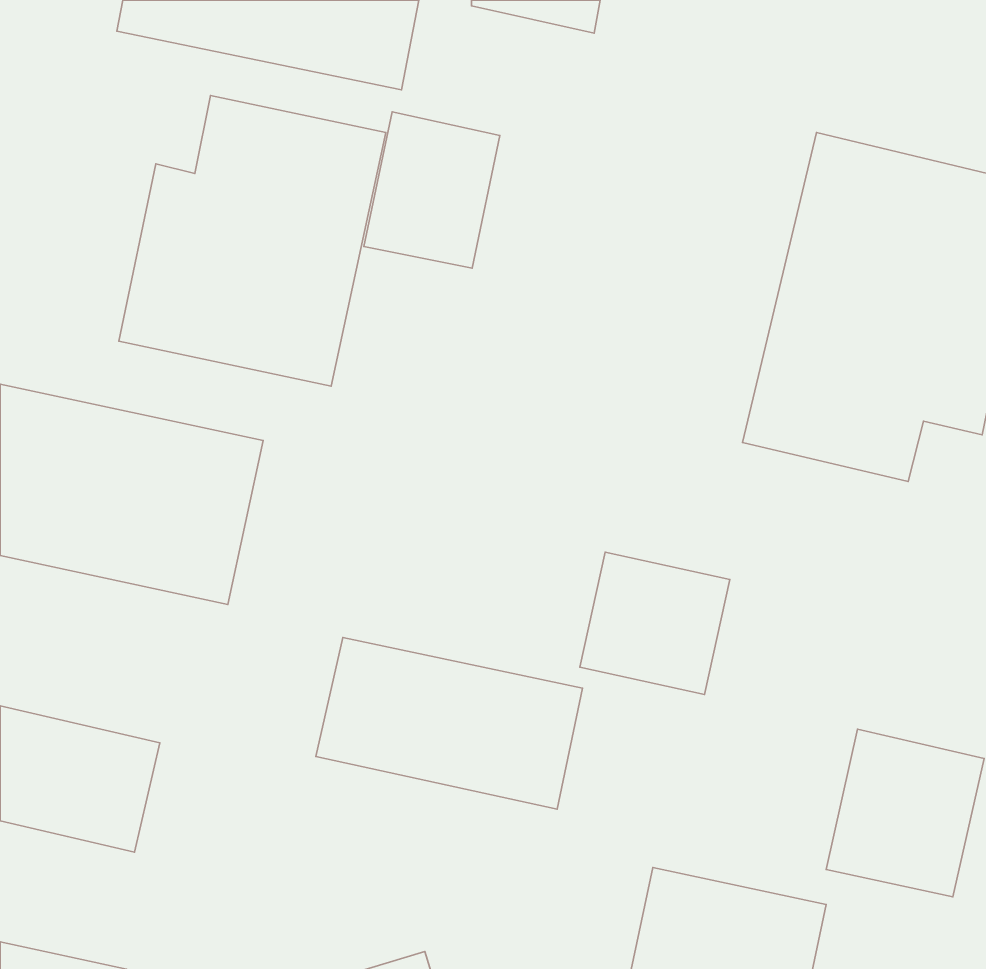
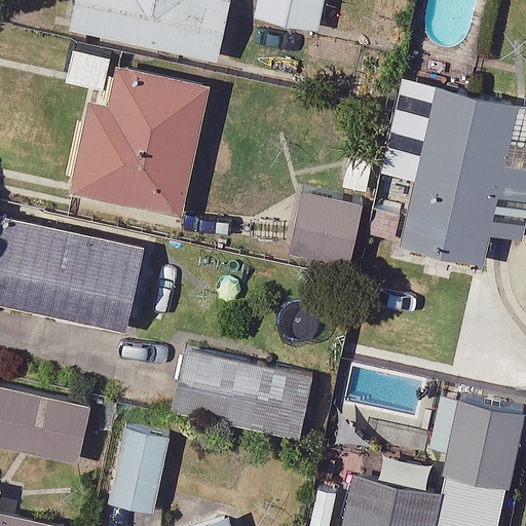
building: [364,112,500,268] -> none
building: [580,552,730,695] -> [287,194,366,269]
building: none -> [109,428,171,515]

